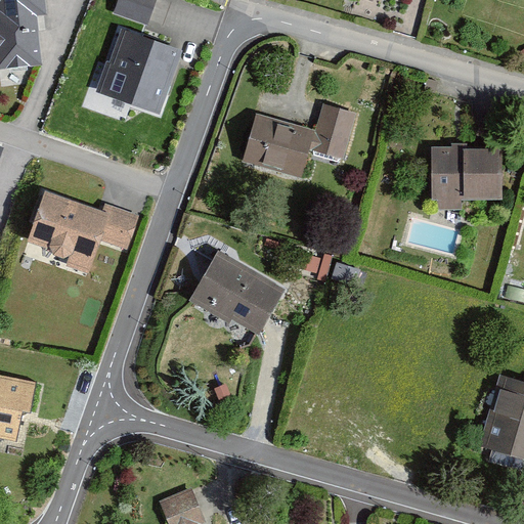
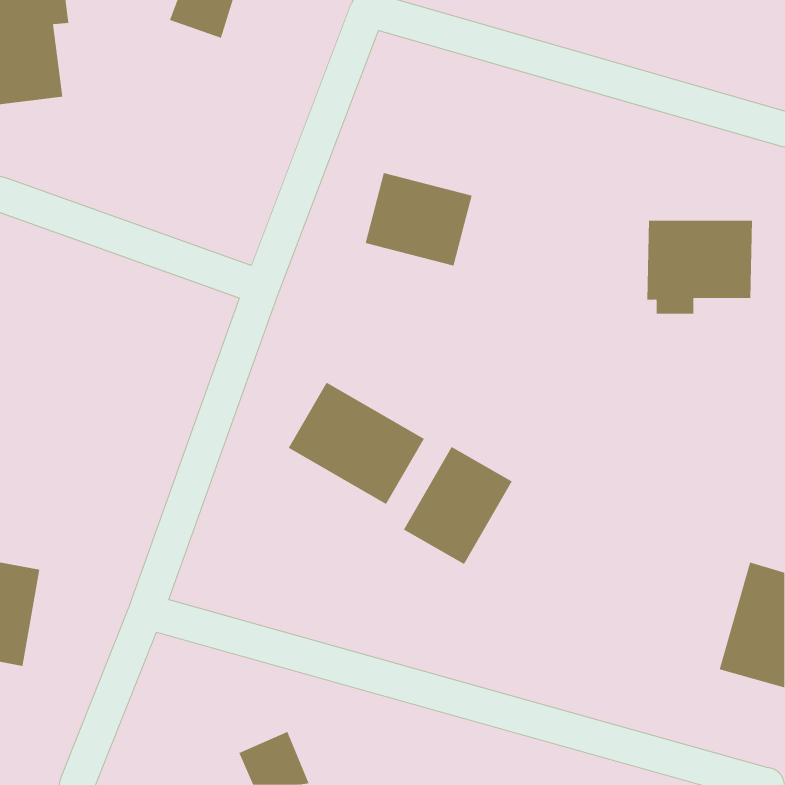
building: [99,29,181,114] -> none
building: [309,104,355,159] -> none
building: [26,190,138,273] -> none
building: none -> [403,446,513,565]

